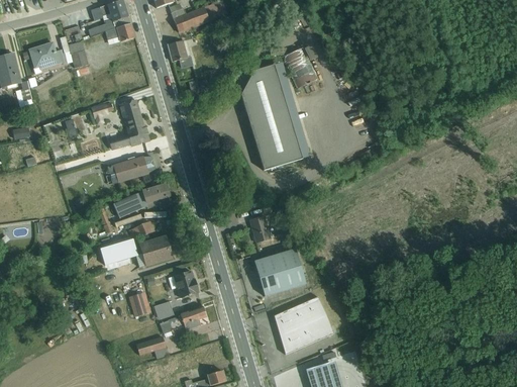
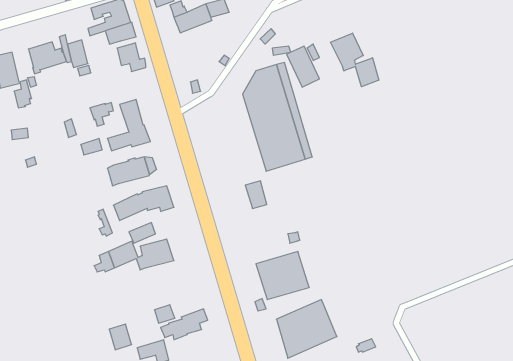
building: none -> [330,33,379,87]
building: [168,39,196,68] -> [117,43,146,72]
building: [249,215,271,243] -> [245,181,267,209]
building: [173,271,198,298] -> none
building: [128,291,150,316] -> [109,324,132,350]

